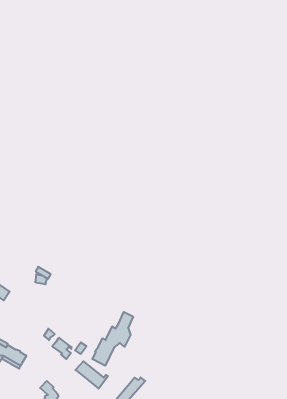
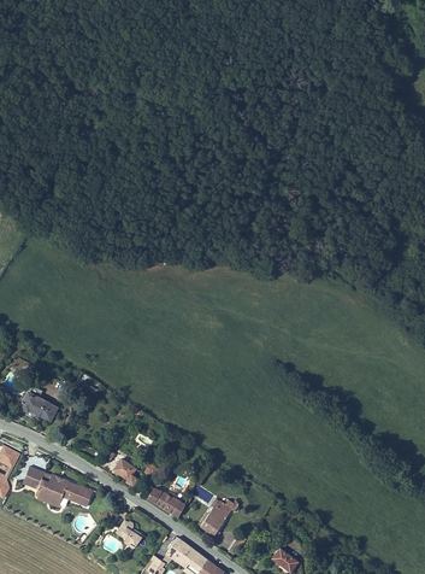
building: [92,312,133,366] -> none

